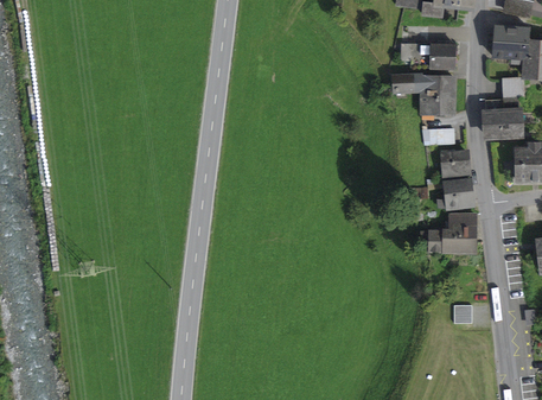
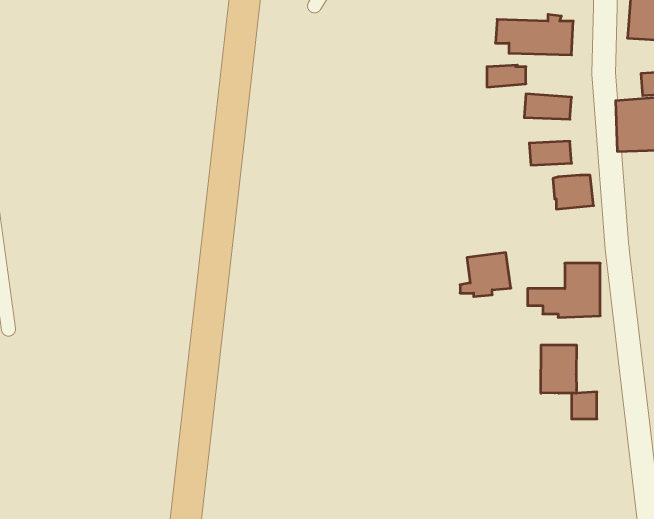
building: [422,76,455,97] -> none
building: [438,178,473,209] -> [460,253,511,297]
building: none -> [541,345,576,393]

